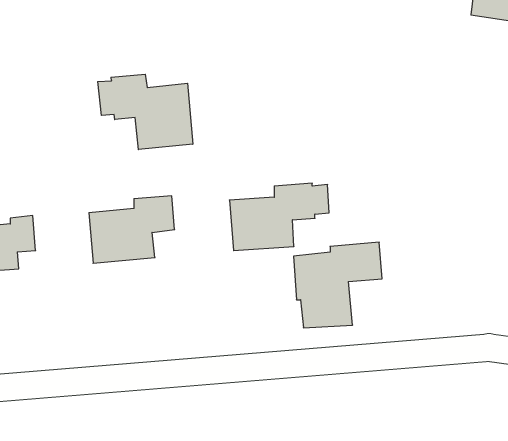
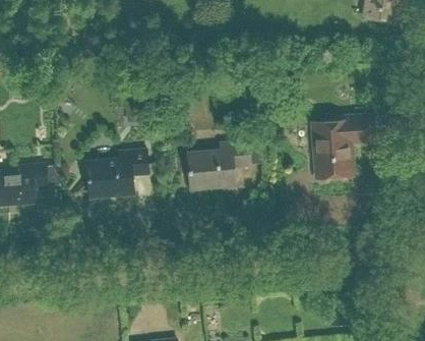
building: [98,74,193,150] -> none
building: [294,242,382,328] -> [311,114,375,176]

